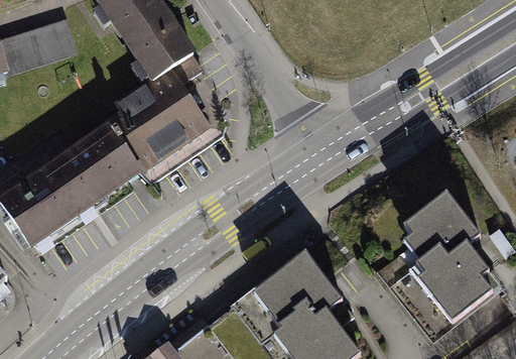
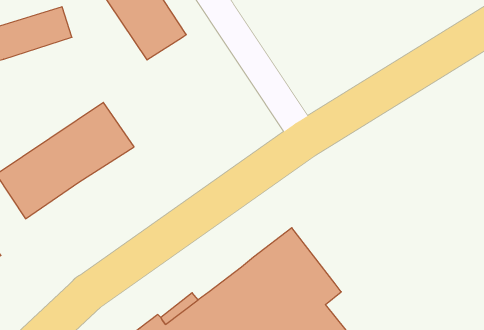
building: [111,56,207,168] -> none
building: [401,190,491,320] -> none

